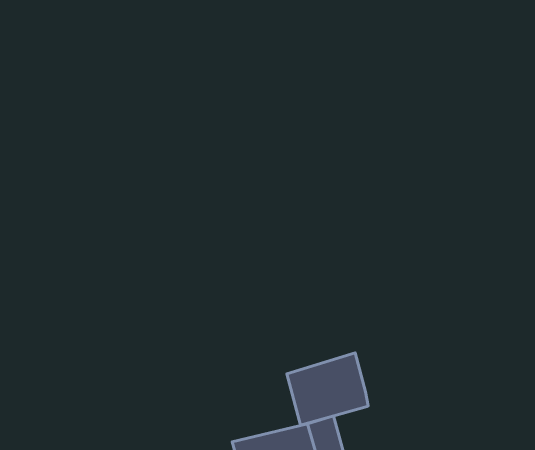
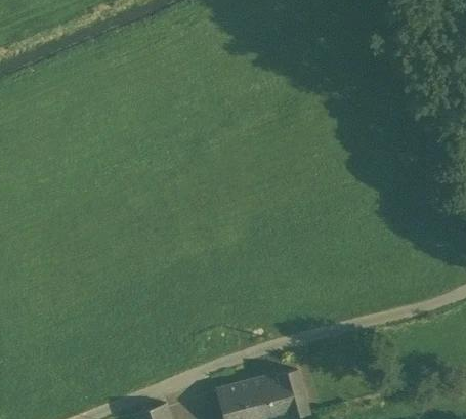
building: [287,353,368,425] -> none

